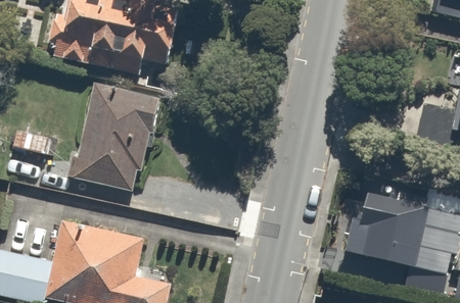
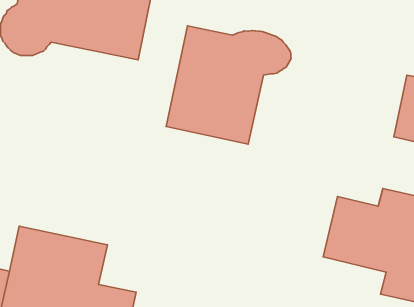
building: none -> [166,26,291,144]
building: [71,84,164,186] -> none

